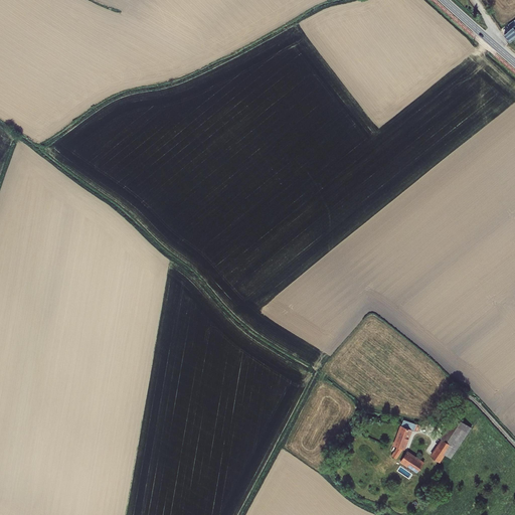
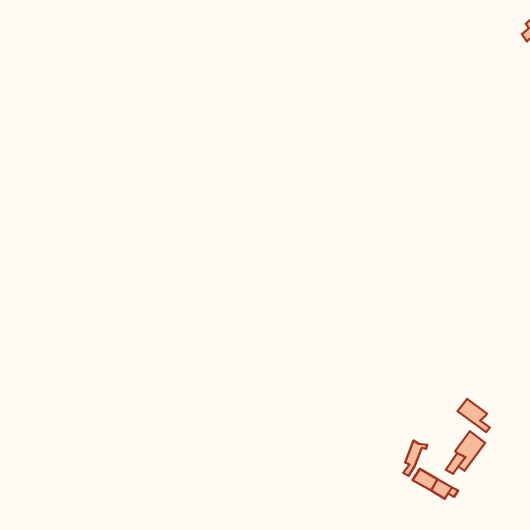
building: none -> [458,399,490,432]

